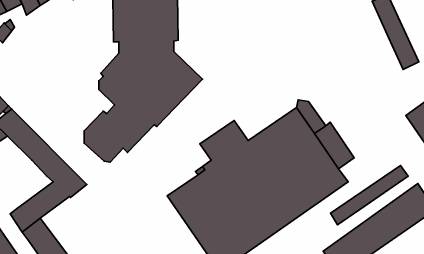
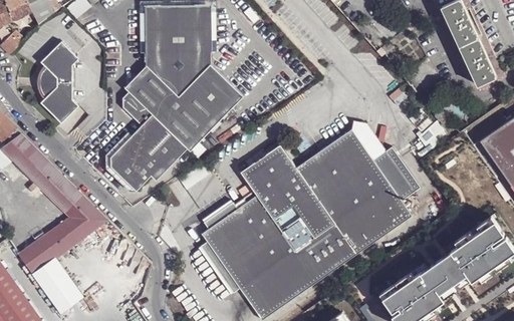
building: none -> [37,41,78,122]
building: [330,165,408,225] -> none

